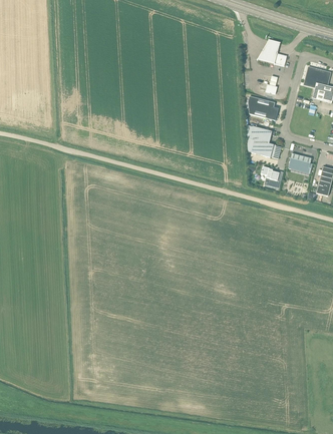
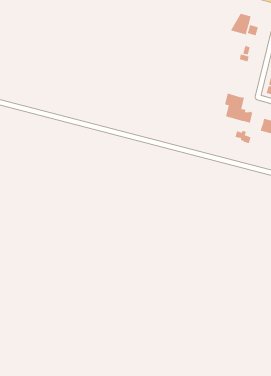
building: [248,95,279,120] -> none

